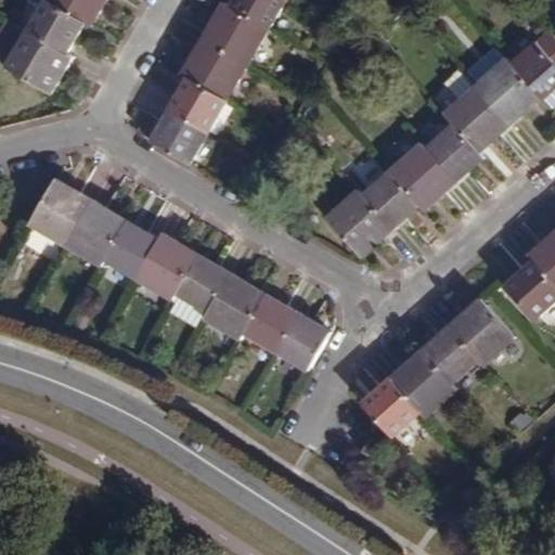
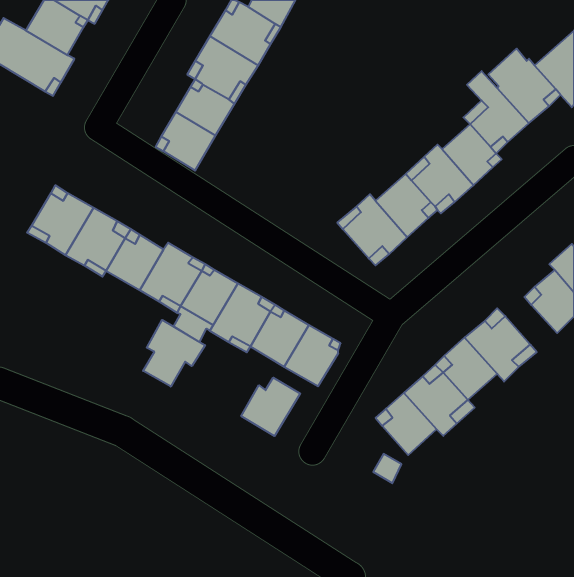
building: none -> [143,320,205,387]
building: none -> [241,378,300,436]

